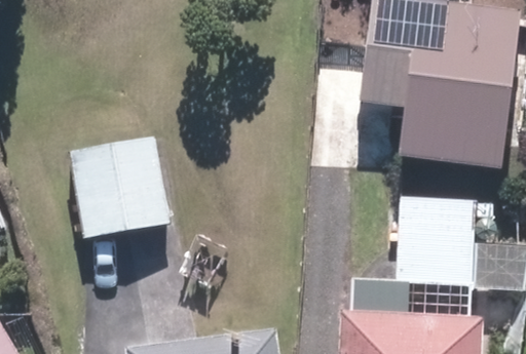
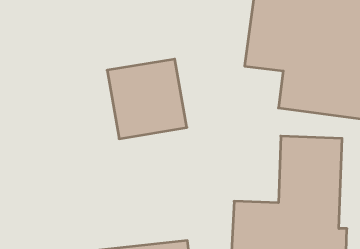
building: [70,136,172,238] -> [107,59,187,139]

